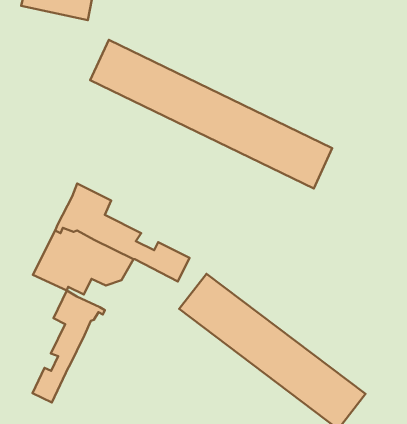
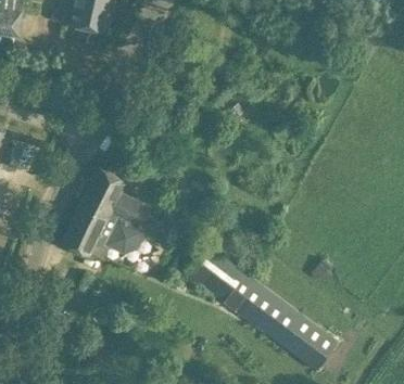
building: [90,40,332,188] -> none
building: [32,291,105,402] -> none

